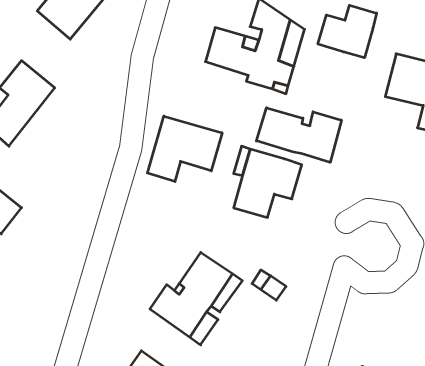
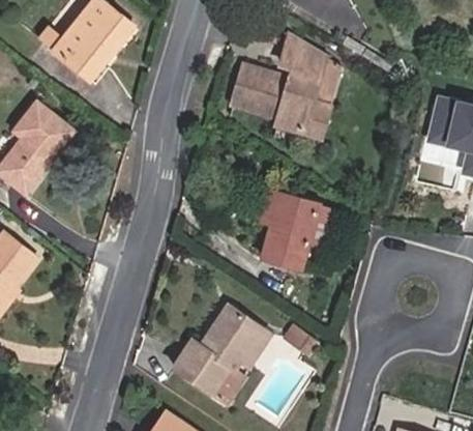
building: [318,5,377,58] -> none
building: [256,108,341,162] -> none
building: [147,116,222,182] -> none

